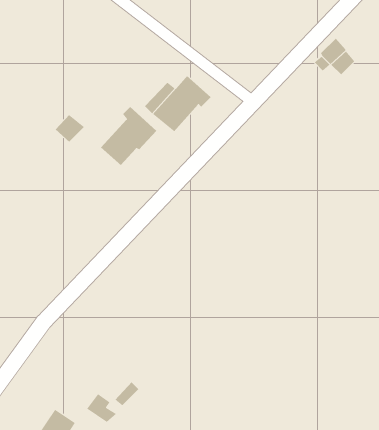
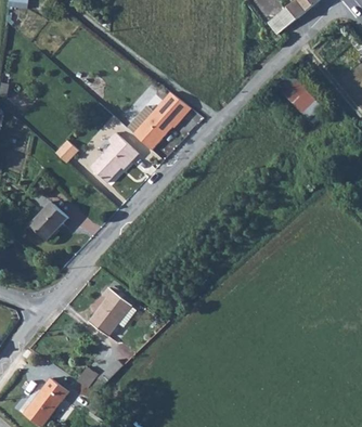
building: none -> [27,205,65,243]
building: none -> [90,288,133,338]

